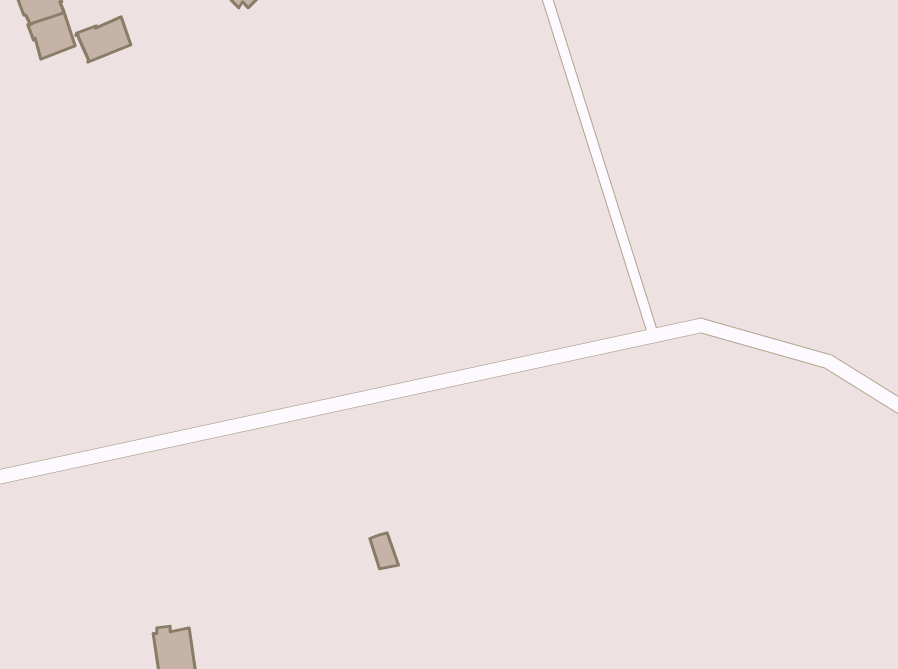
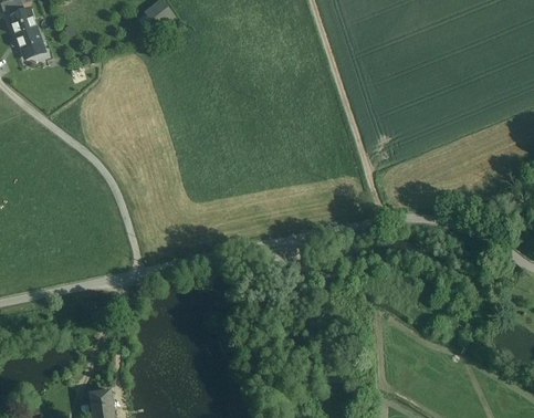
building: [76,17,131,62] -> none

